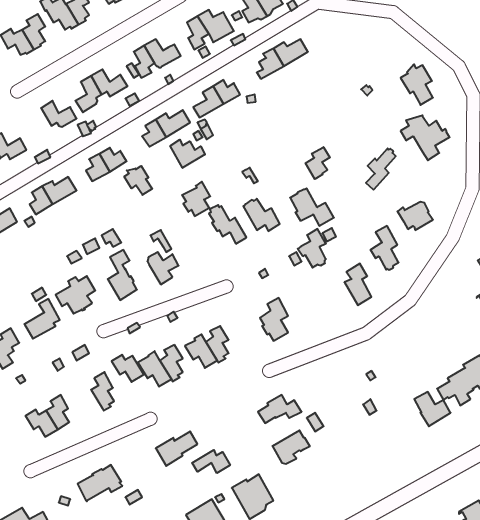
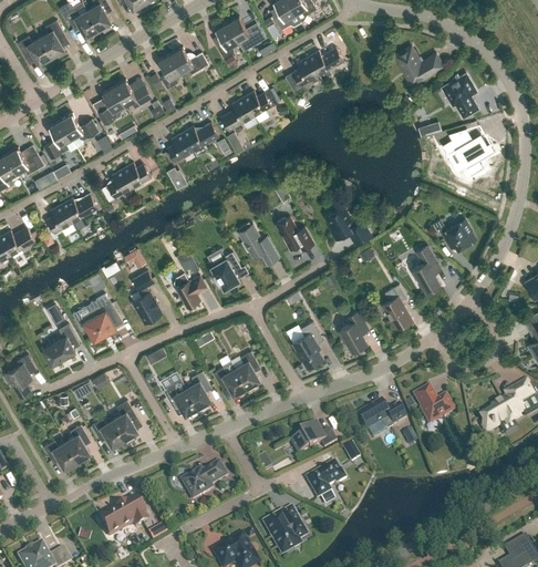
building: none -> [394,44,444,84]
building: none -> [43,120,72,158]
building: [170,140,205,168] -> none
building: [306,147,330,179] -> none
building: [366,148,396,190] -> none
building: [124,166,152,195] -> none
building: [182,182,210,216] -> [211,251,241,288]
building: [298,229,326,268] -> [338,310,368,351]
building: [112,355,144,382] -> [92,417,126,446]
building: none -> [359,400,407,430]
building: [414,392,451,426] -> [415,388,454,424]
building: [192,450,230,473] -> none

